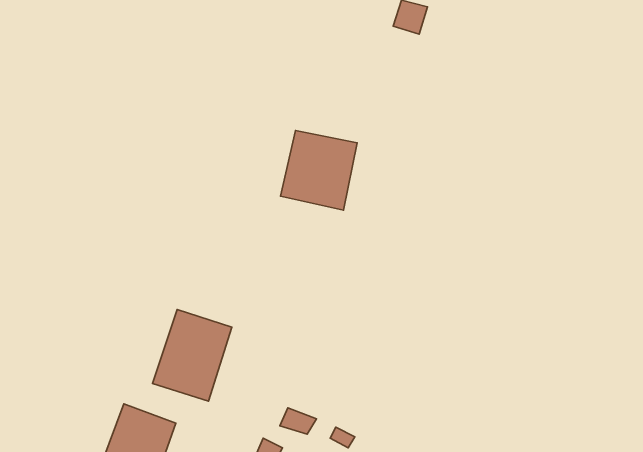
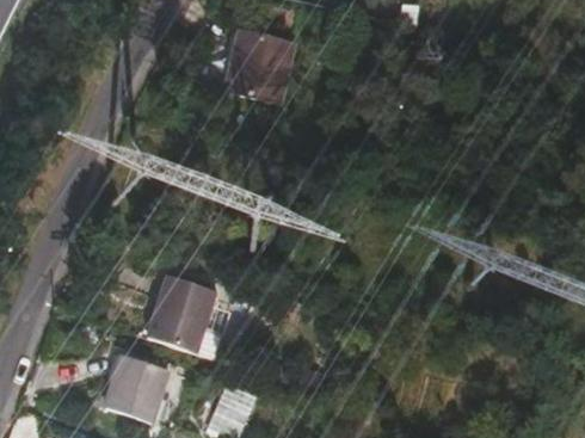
building: [281,131,357,210] -> [224,26,291,95]

